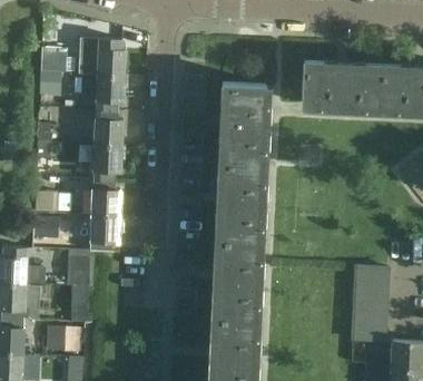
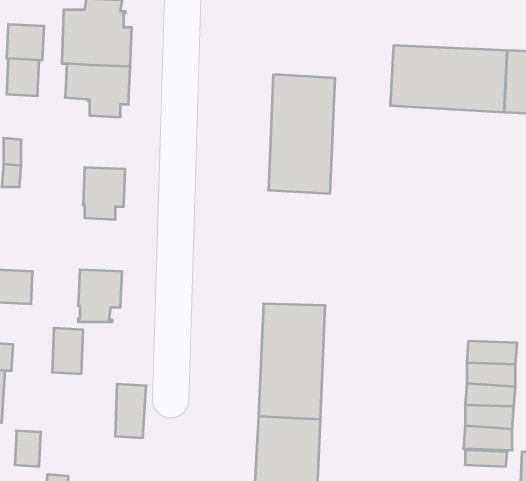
building: [94,109,124,146] -> none
building: [216,160,262,240] -> none
building: [90,179,120,216] -> none
building: [70,285,91,322] -> [115,384,146,438]

